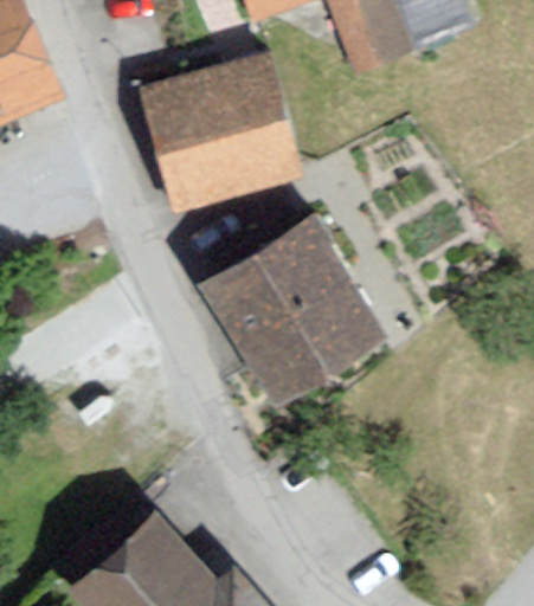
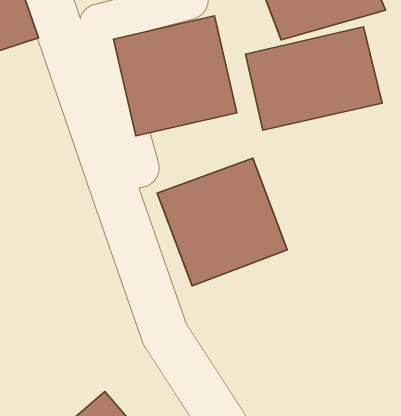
building: none -> [246,27,382,130]

